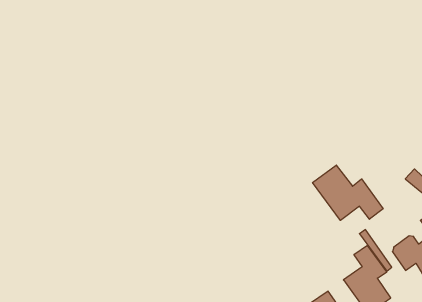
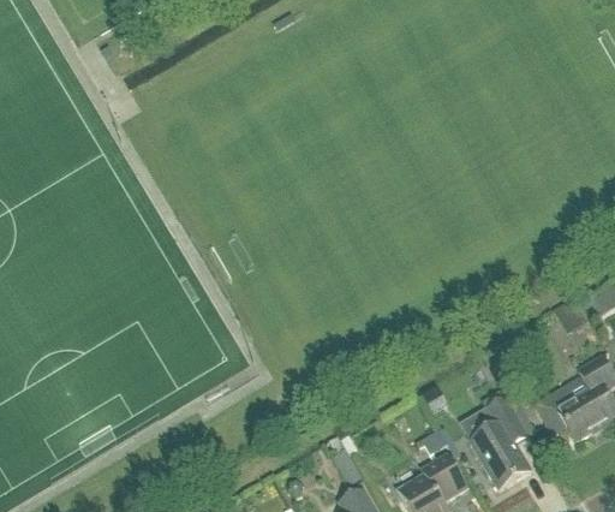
building: [313,165,383,220] -> none

